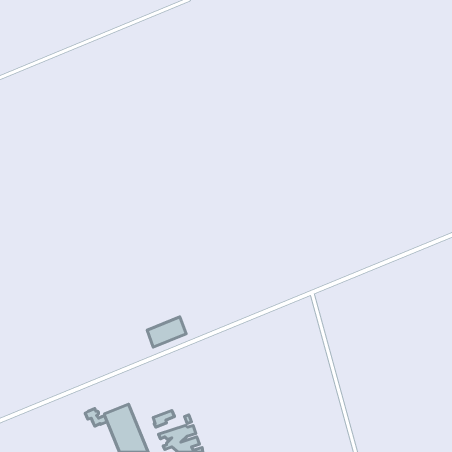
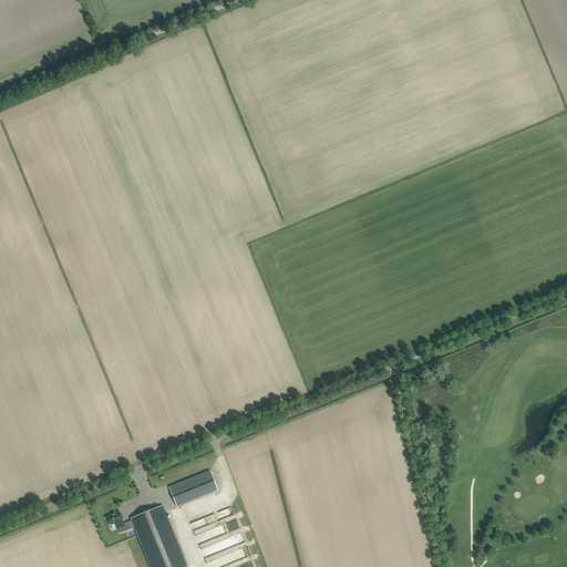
building: [147,317,186,347] -> [168,470,217,507]

